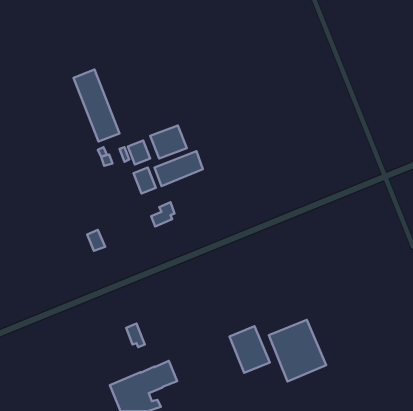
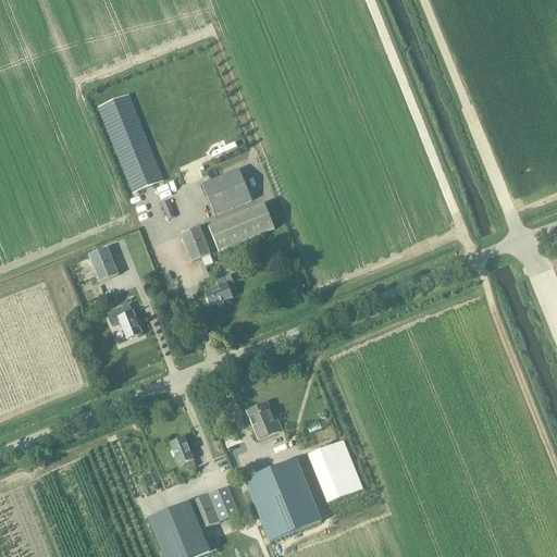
building: [128,141,150,164] -> none
building: none -> [88,246,117,281]
building: none -> [247,401,280,438]
building: [269,320,326,381] -> [245,458,322,541]

